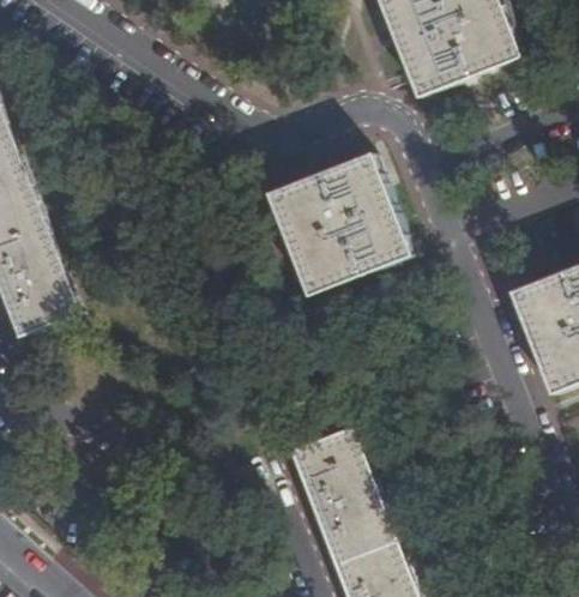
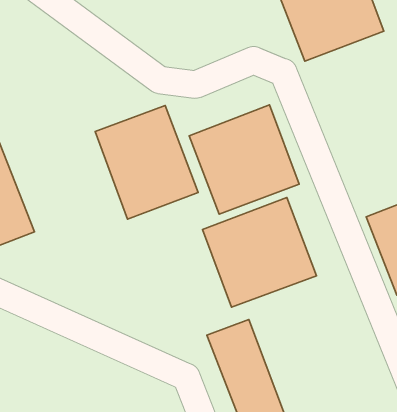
building: none -> [95,106,198,219]
building: none -> [203,197,316,307]

